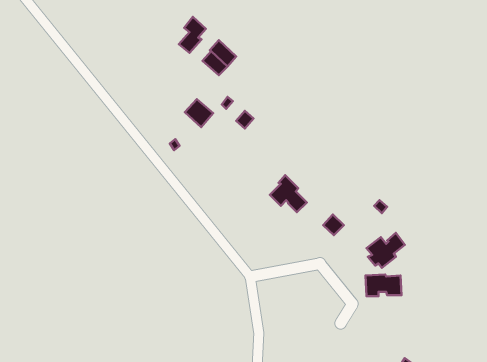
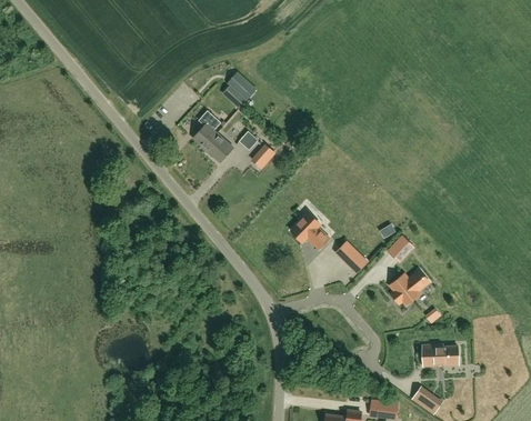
building: [179,17,206,53] -> [192,110,220,147]
building: [366,274,401,296] -> [421,344,458,367]

